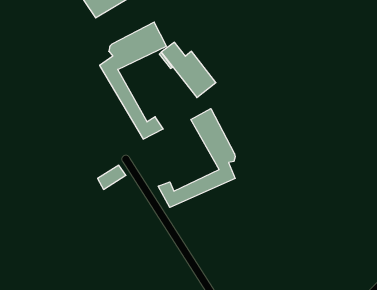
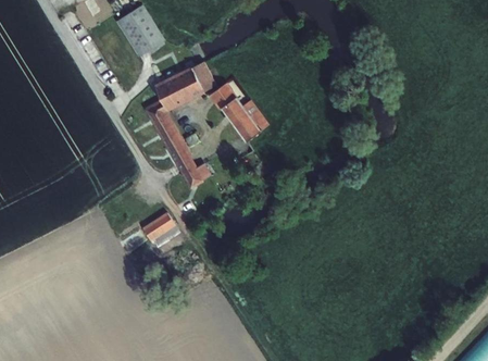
building: [158,109,235,207] -> none

